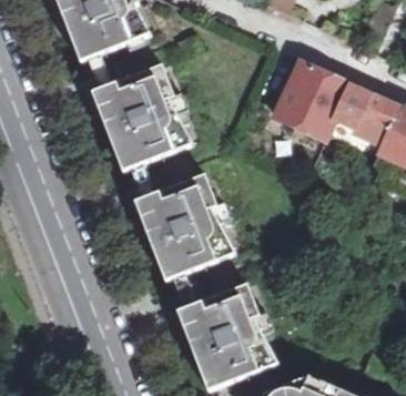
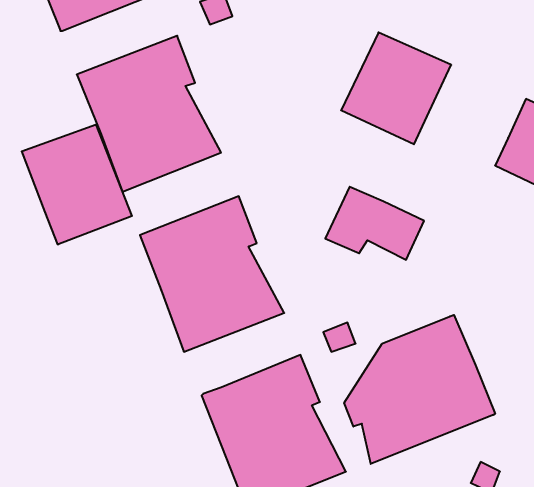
building: [332,84,399,134] -> [325,187,424,260]
building: none -> [22,125,132,245]
building: none -> [344,315,495,464]

